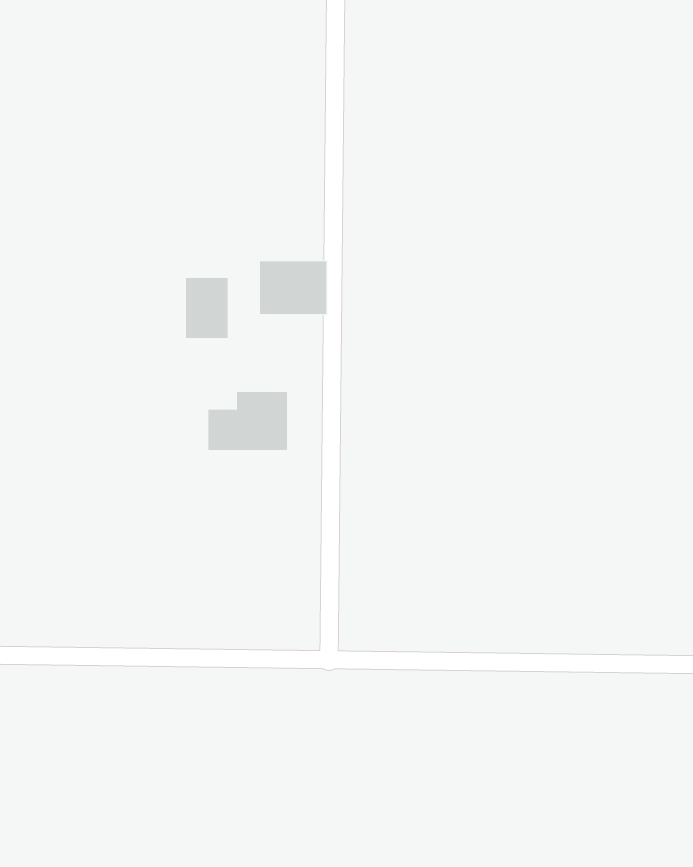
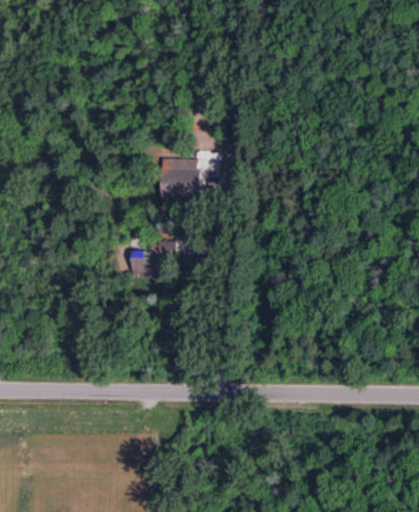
building: [185,277,228,339] -> none

